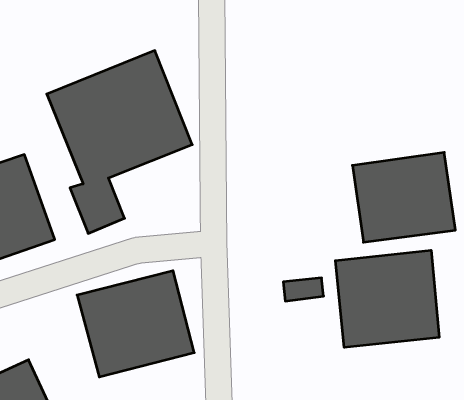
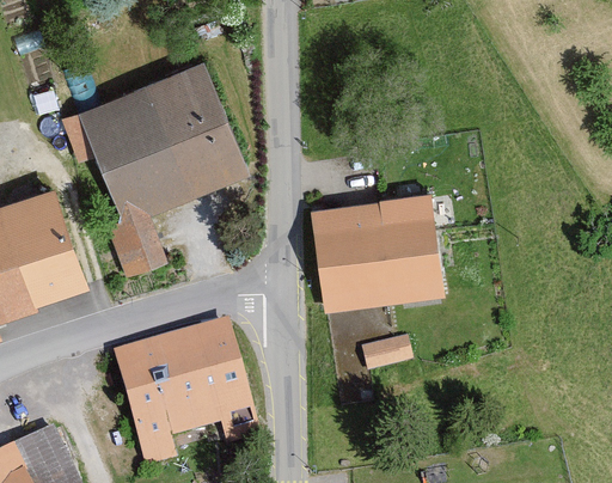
building: [352,152,455,242] -> [311,201,433,307]
building: [335,250,439,347] -> none

